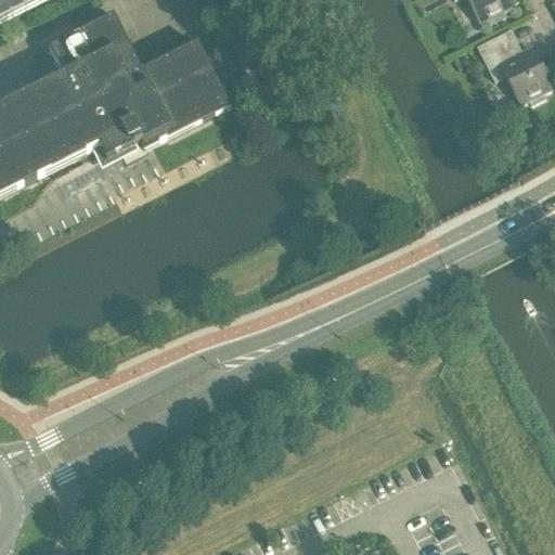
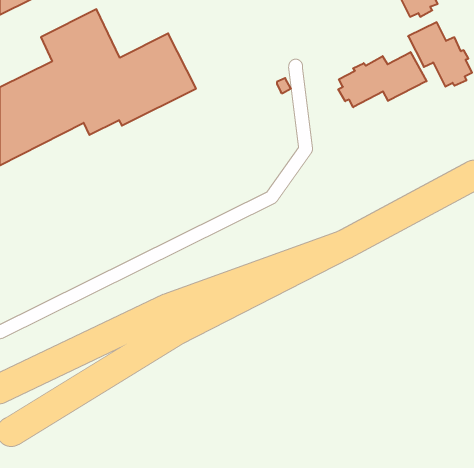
building: none -> [338,52,427,107]

